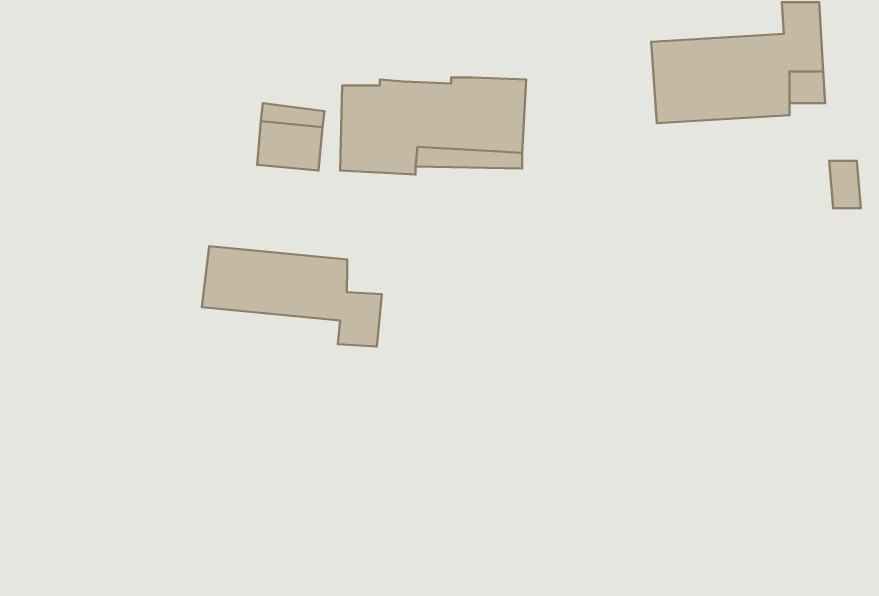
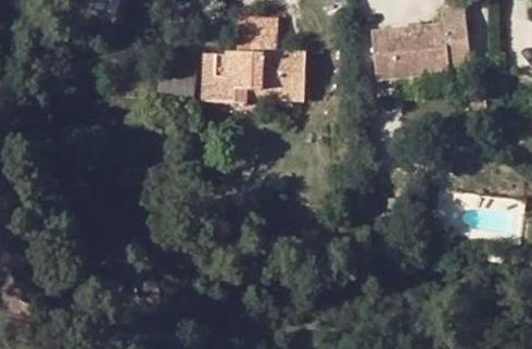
building: none -> [238,14,277,51]
building: [202,246,382,346] -> none

